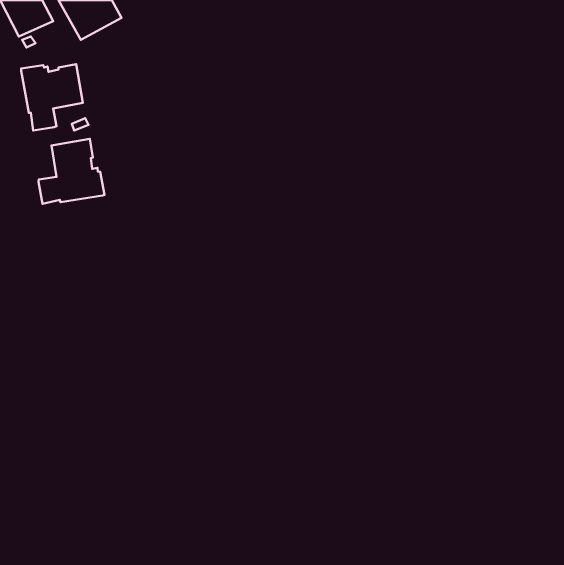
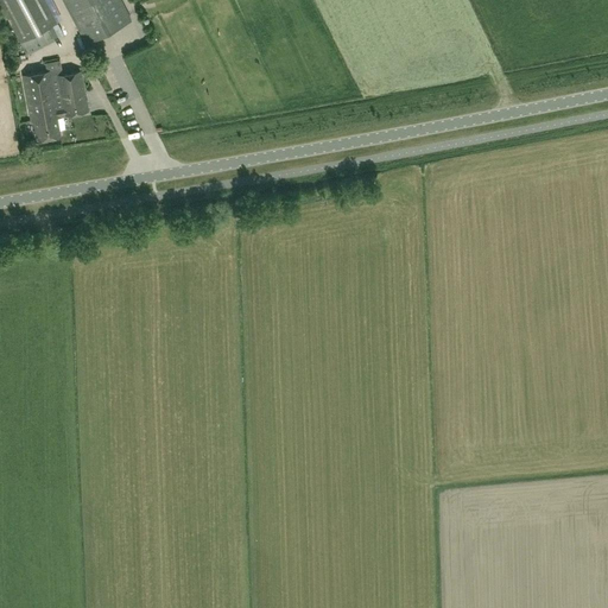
building: [38,139,105,204] -> none

